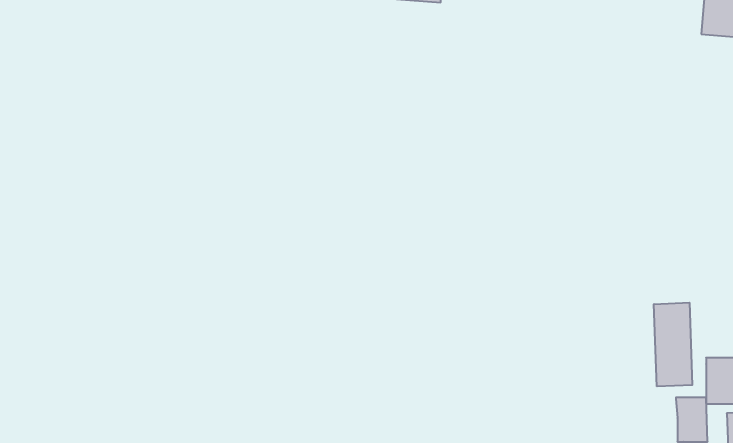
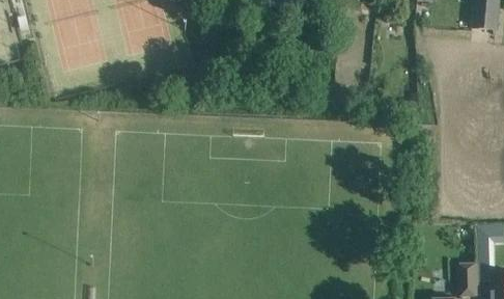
building: [654,303,692,386] -> none

